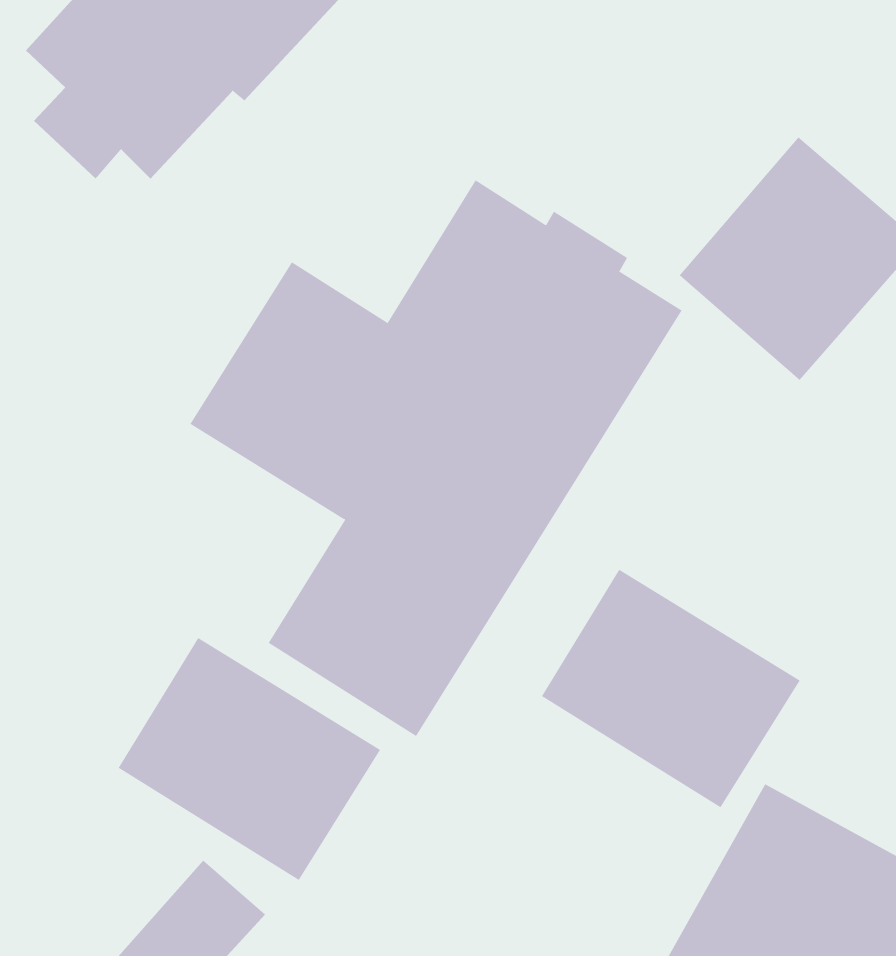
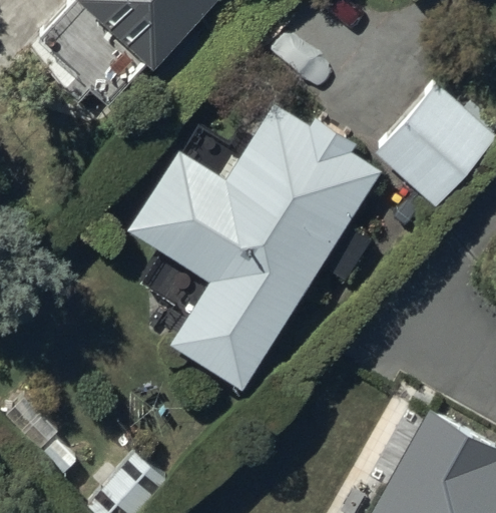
building: [541,569,801,808] -> none
building: [118,637,381,881] -> none

